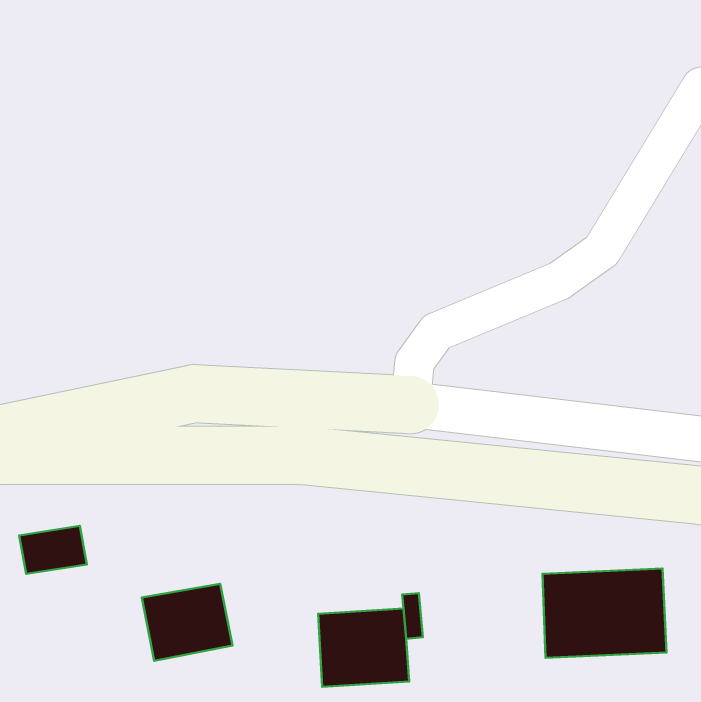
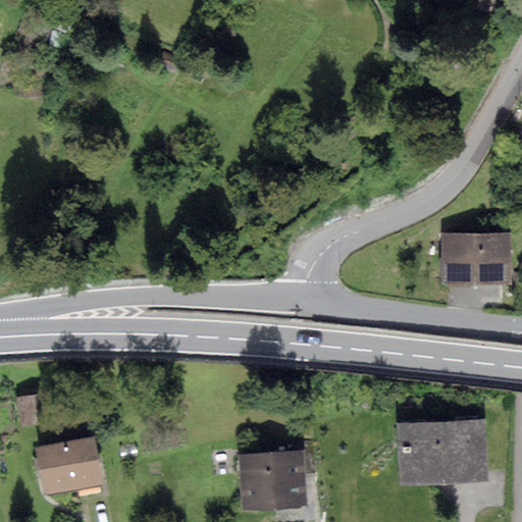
building: none -> [438,231,509,284]
building: [142,584,233,661] -> [34,436,101,493]

